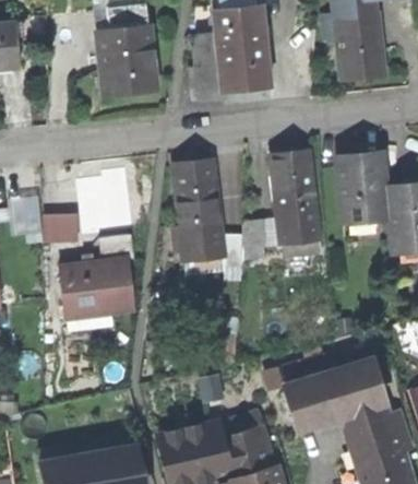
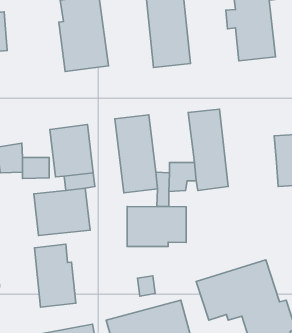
building: [336,152,389,225] -> none
building: none -> [127,206,186,247]
building: none -> [34,244,76,307]

